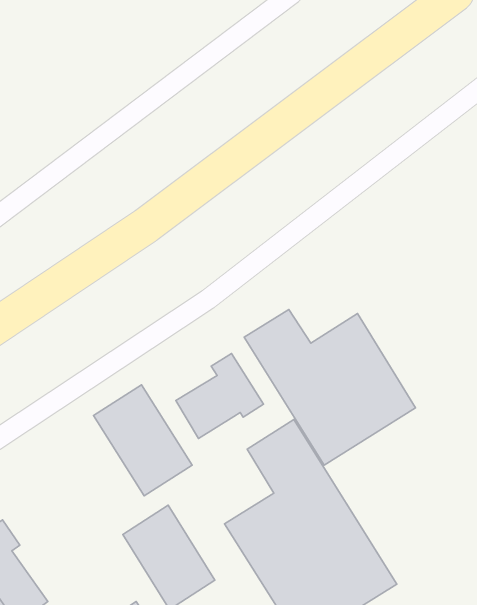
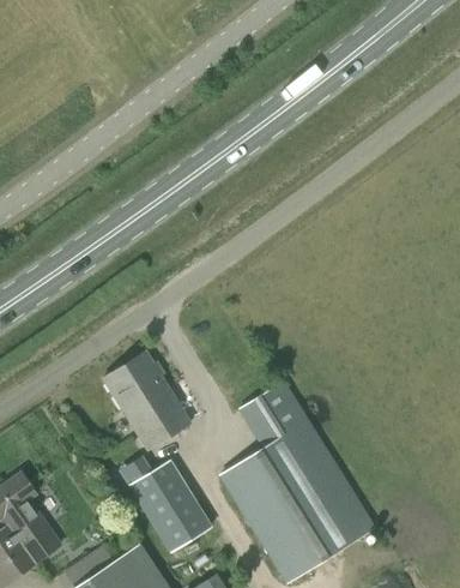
building: [244,310,416,465] -> none
building: [176,354,263,438] -> none

